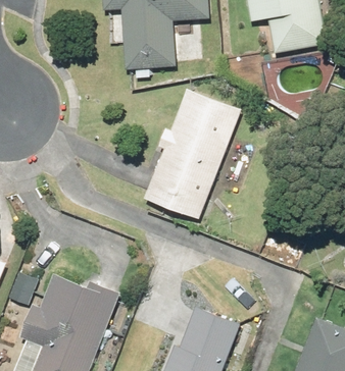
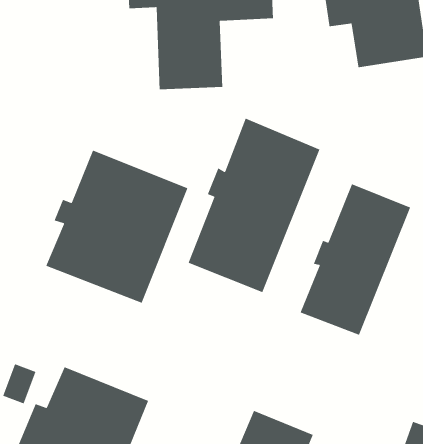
building: none -> [45,149,188,304]
building: none -> [299,183,411,336]

